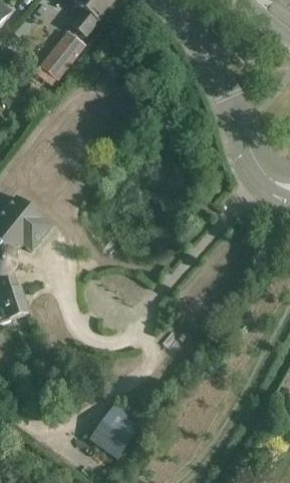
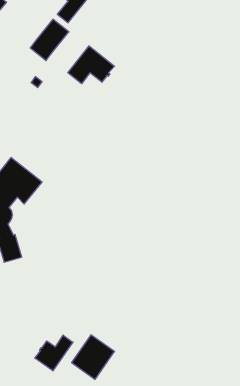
building: none -> [68,46,115,84]
building: none -> [35,335,73,371]

